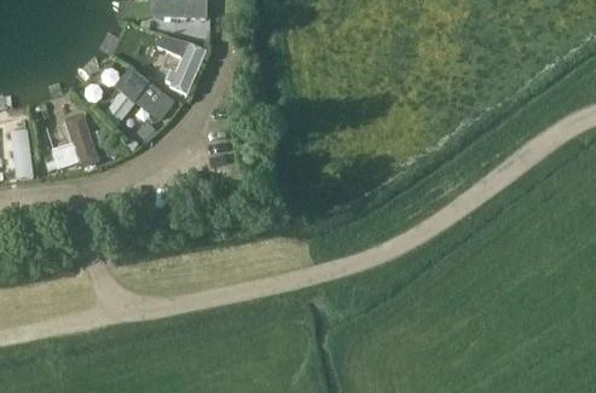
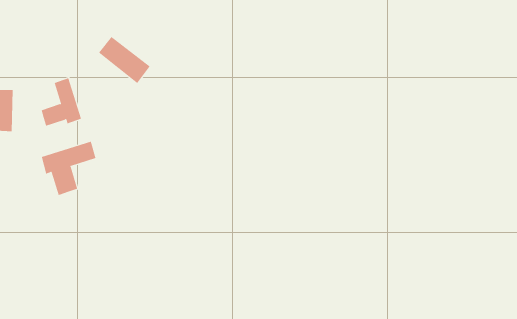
building: [157,34,206,92] -> none
building: none -> [41,141,96,196]

